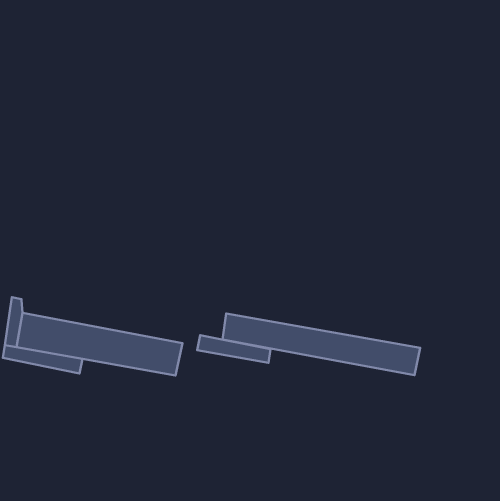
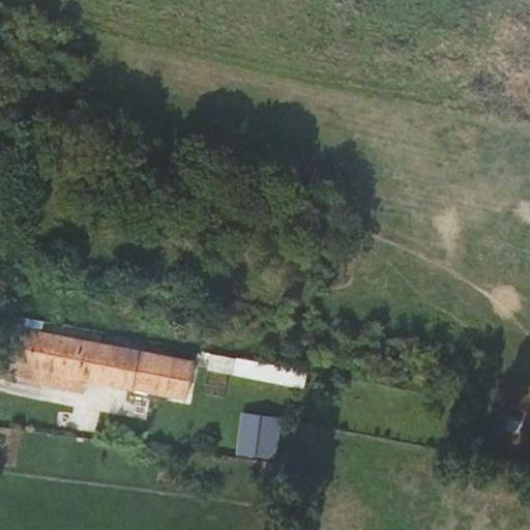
building: [222,313,420,375] -> none
building: none -> [240,412,284,455]

